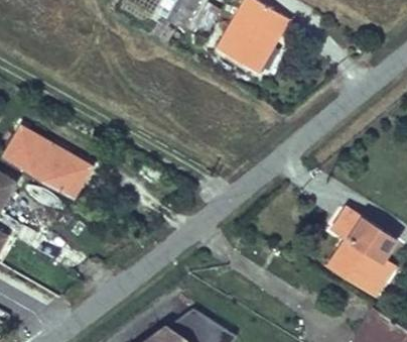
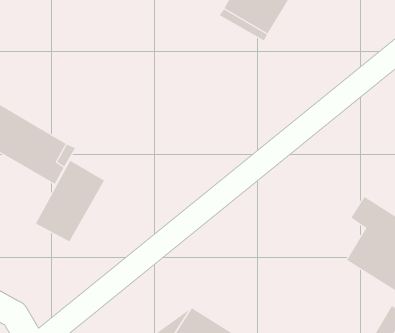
building: none -> [35,160,105,242]

